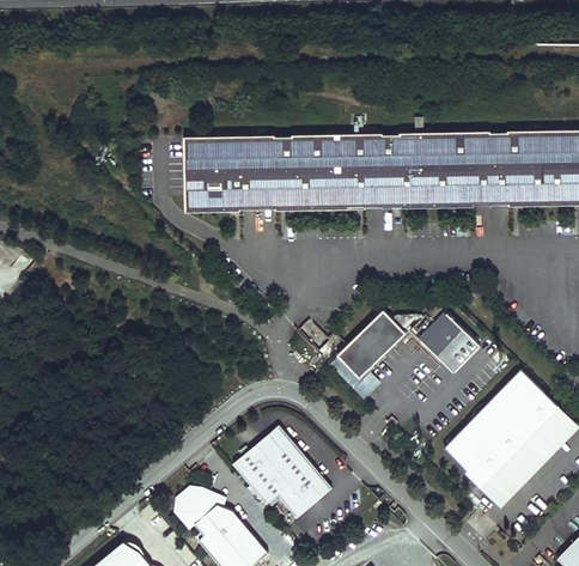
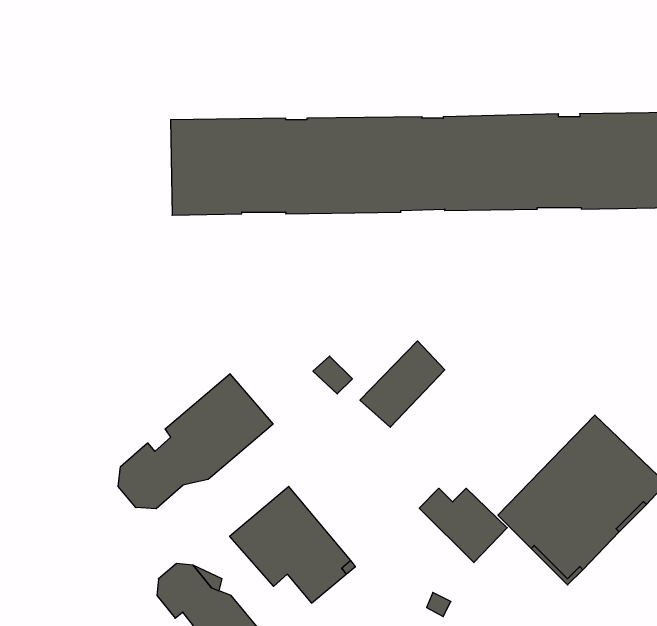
building: [410,315,480,373] -> [419,488,507,563]
building: none -> [118,374,273,509]

